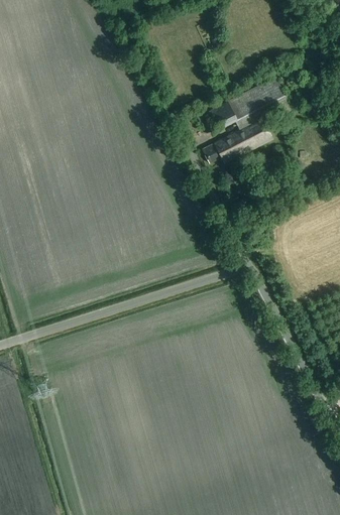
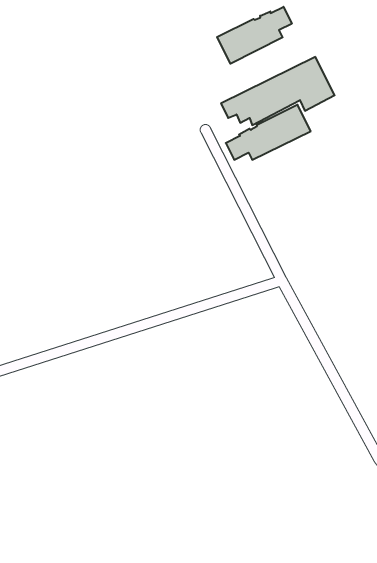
building: none -> [217,7,292,64]

